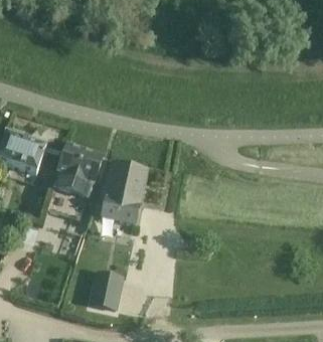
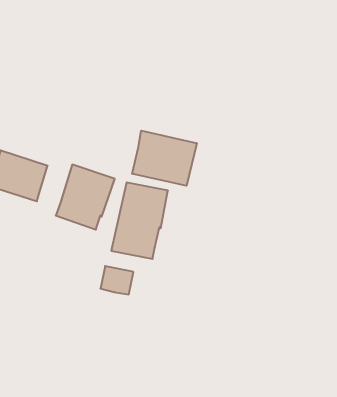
building: none -> [132,131,197,186]
building: [91,284,119,308] -> [100,266,133,294]

